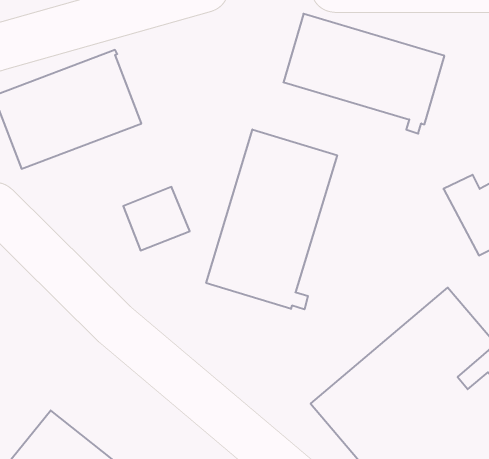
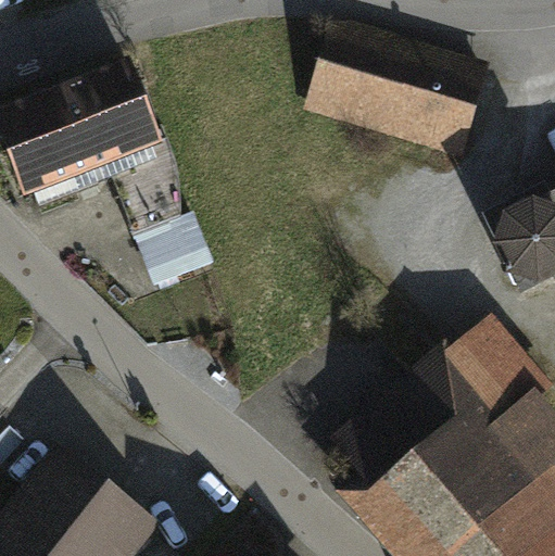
building: [206,129,337,309] -> none

